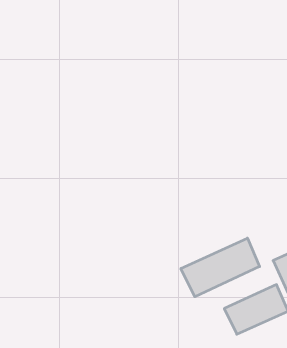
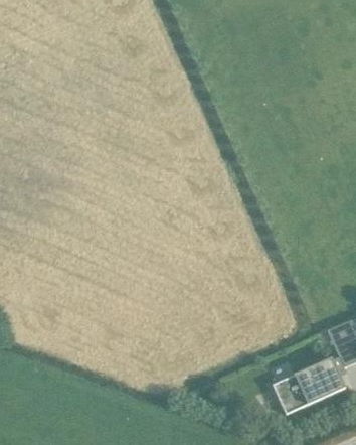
building: [181,238,260,297] -> none

